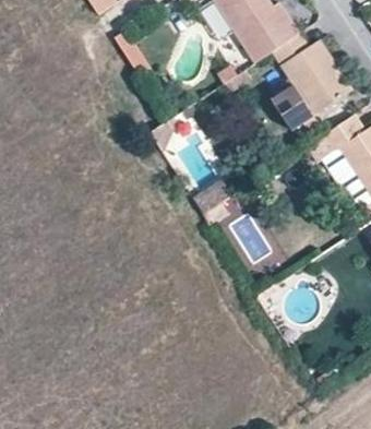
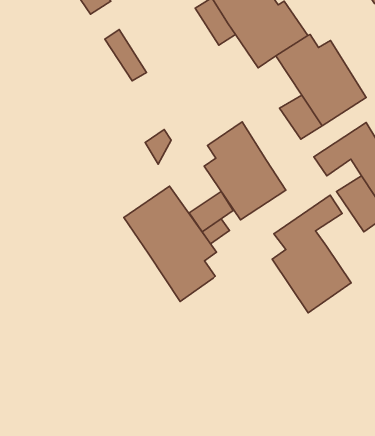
building: none -> [204,122,286,220]
building: none -> [124,186,216,301]
building: none -> [272,195,351,313]

